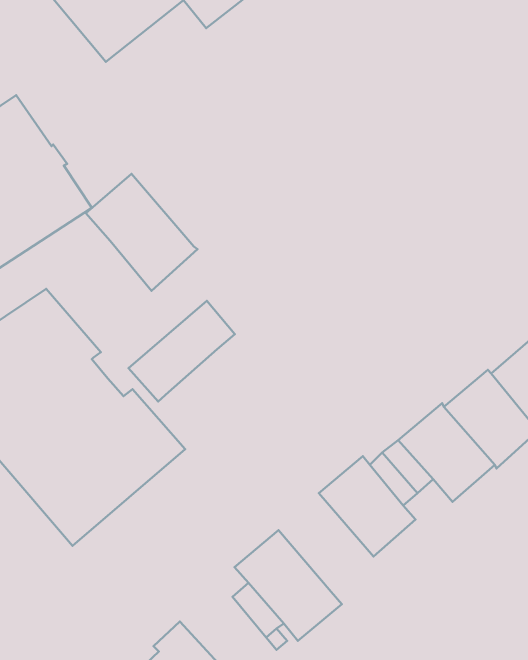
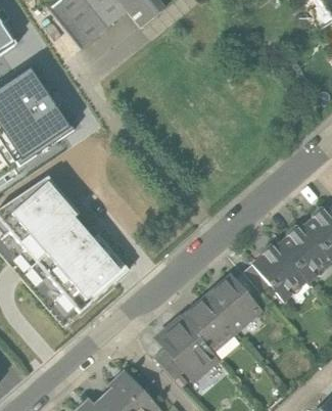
building: [86,174,198,291] -> none
building: [129,301,235,401] -> none
building: none -> [183,294,238,352]

